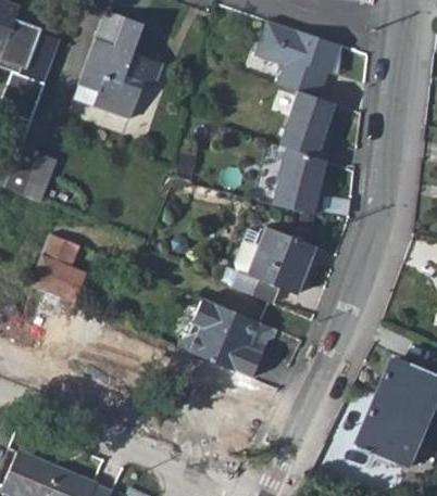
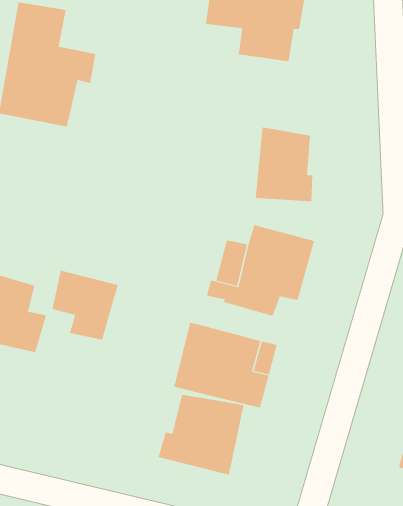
building: [282,91,336,161] -> none
building: none -> [52,270,118,341]
building: none -> [158,394,244,475]

